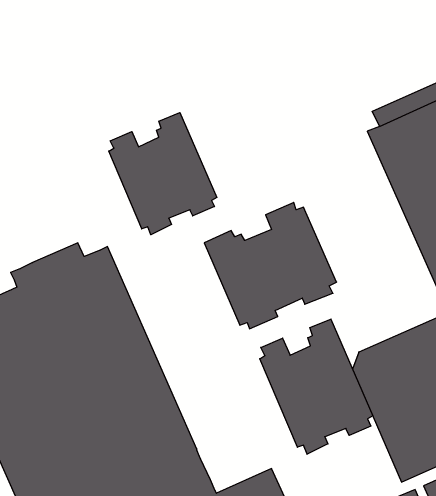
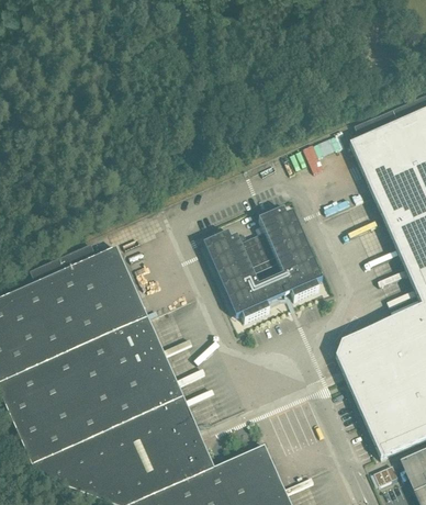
building: [109,113,217,235] -> none
building: [260,319,373,454] -> none

